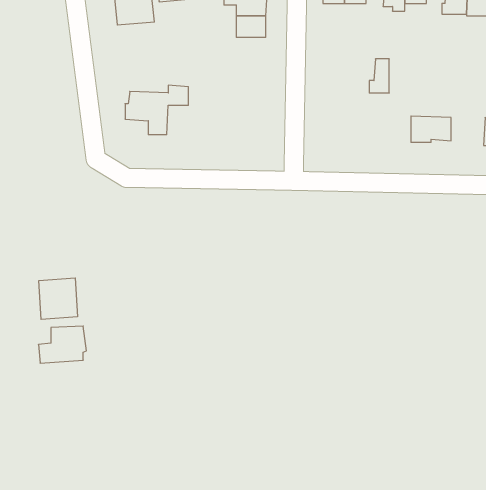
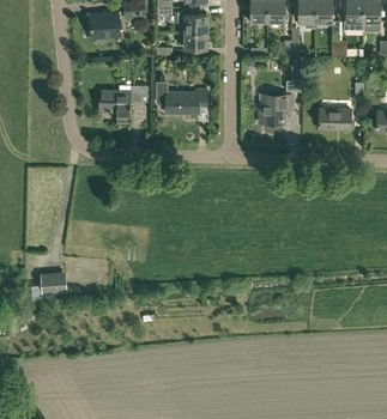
building: none -> [157,83,207,113]
building: none -> [259,95,291,123]
building: [39,278,77,319] -> none

